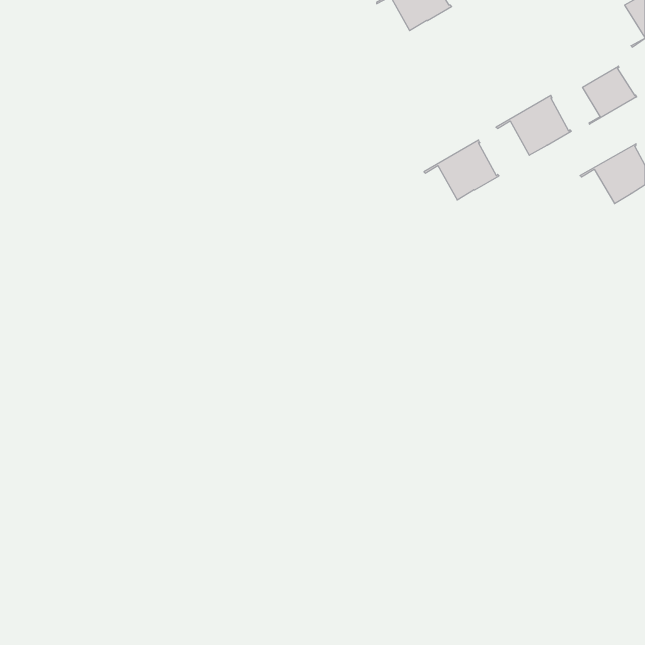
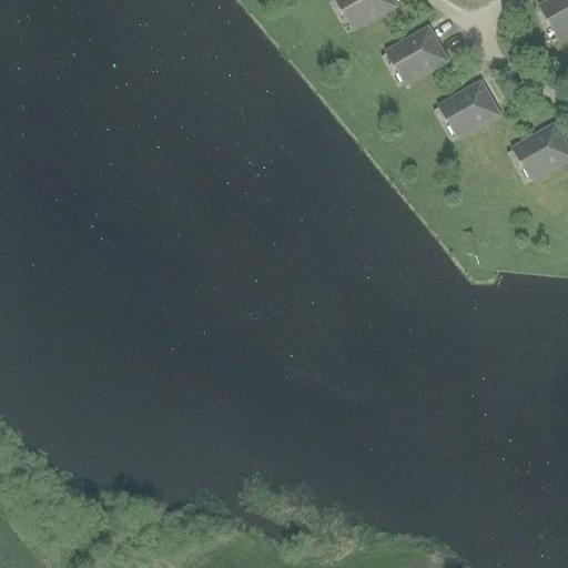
building: [583,66,637,124] -> none
building: [424,140,499,200] -> [381,29,446,81]

